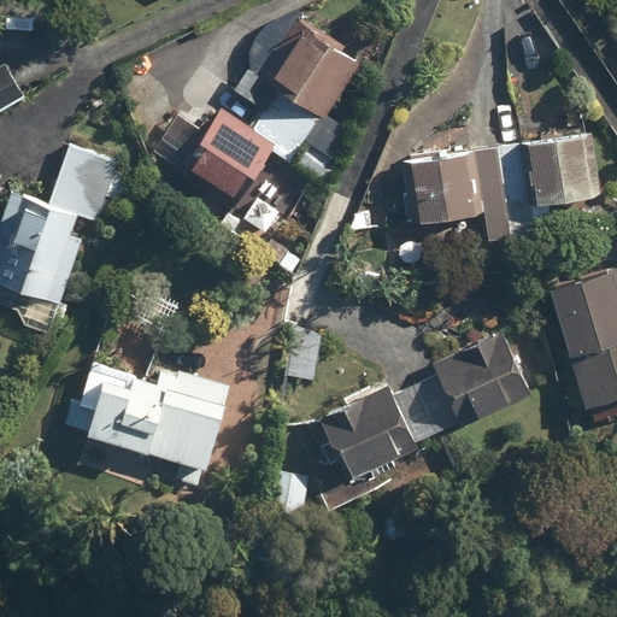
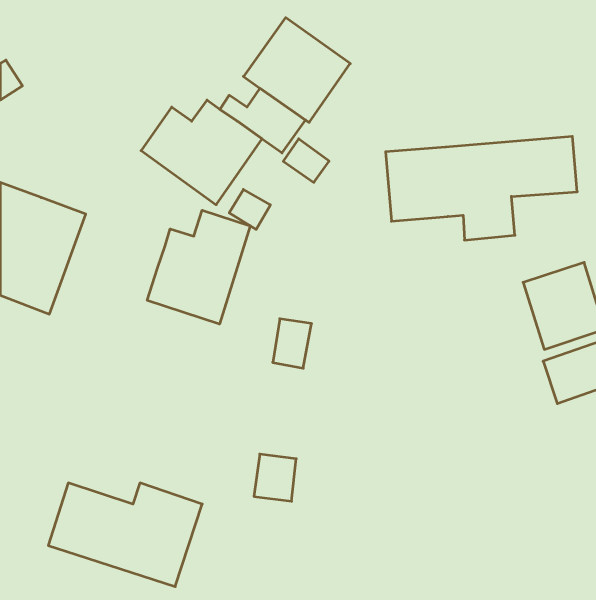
building: [47,146,114,221] -> none
building: none -> [147,210,250,324]
building: [310,334,531,500] -> none
building: [67,362,225,468] -> [48,483,202,587]

